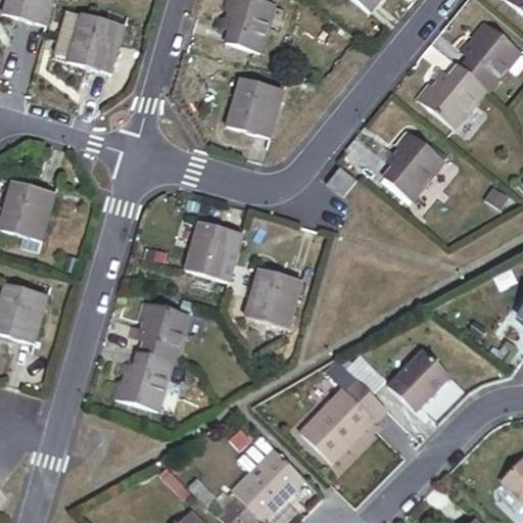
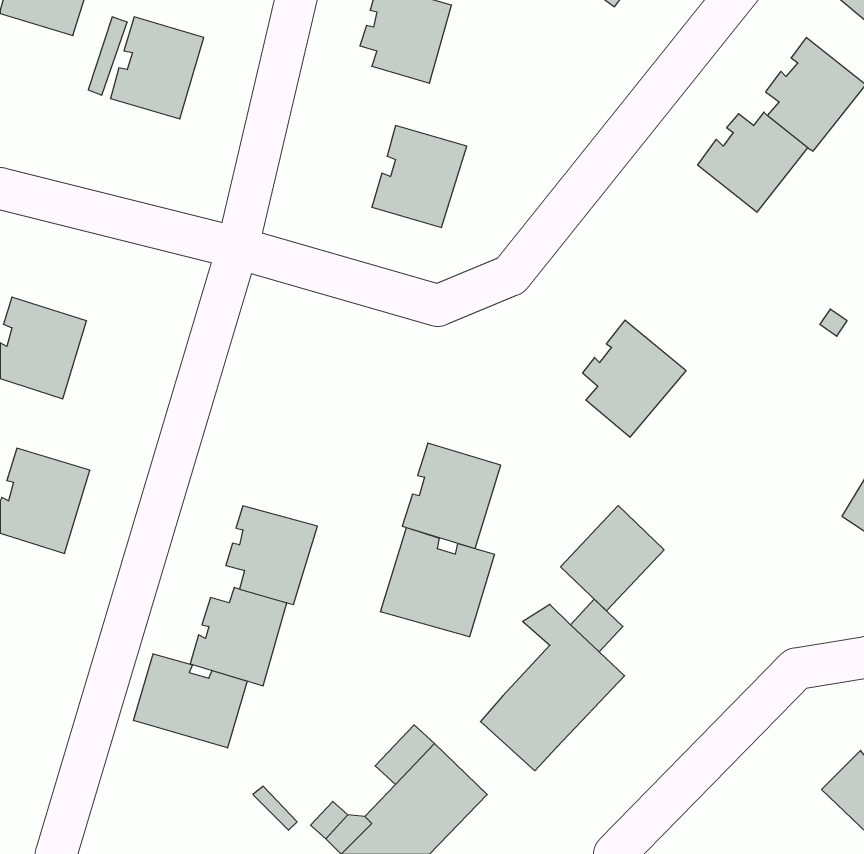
building: [386,129,448,199] -> [583,320,686,437]
building: [186,228,246,290] -> none
building: none -> [381,528,495,637]
building: [380,345,442,409] -> [561,506,664,611]
building: none -> [134,654,247,748]

